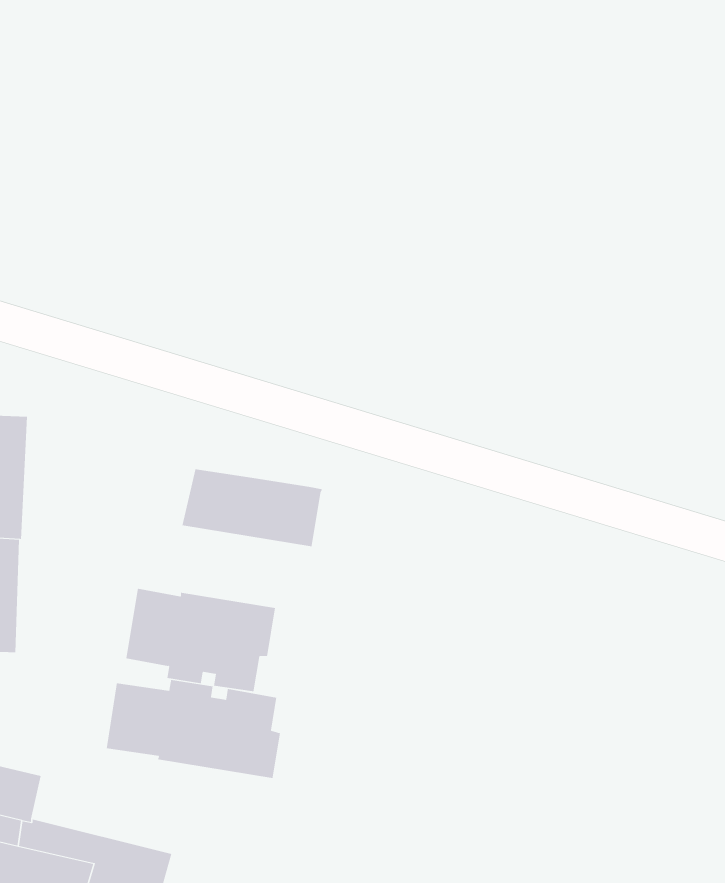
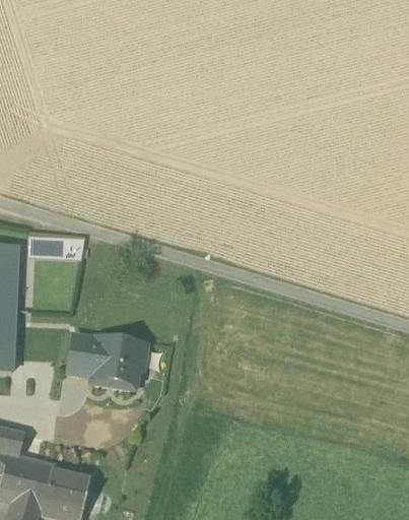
building: [182,469,323,547] -> none
building: [106,679,281,779] -> none

